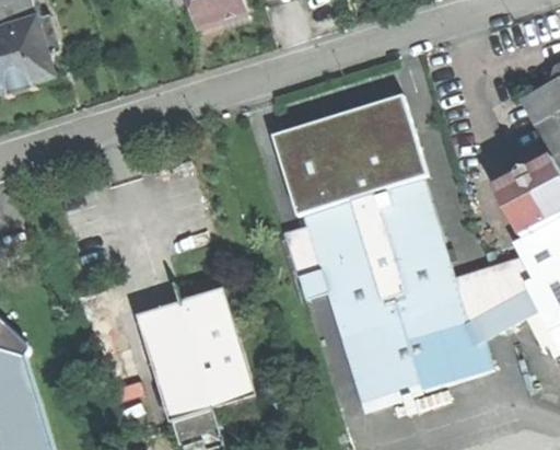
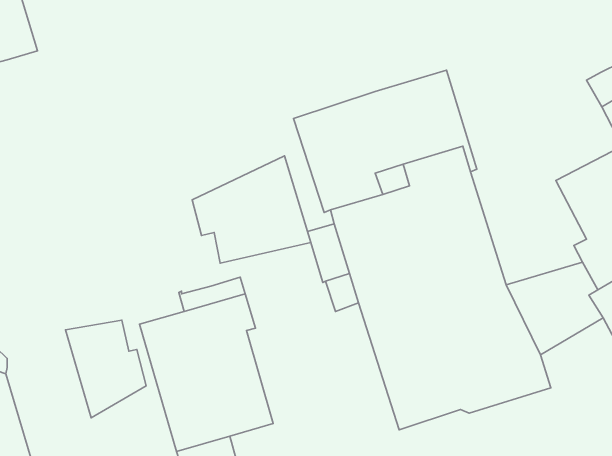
building: none -> [192,156,311,263]
building: none -> [66,320,146,418]

